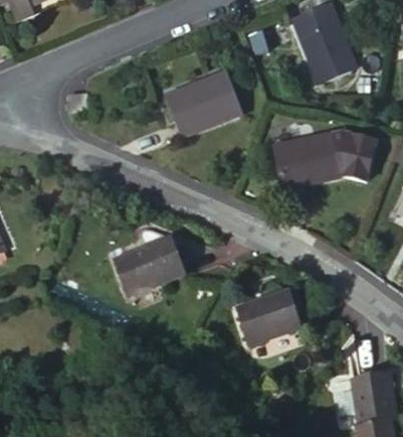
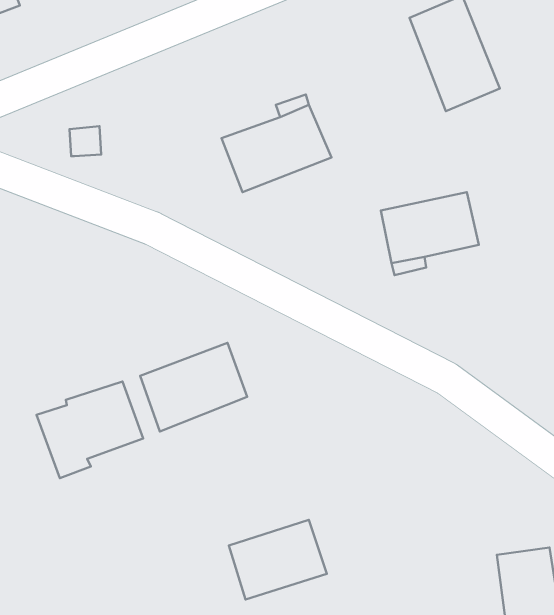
building: [333,134,376,181] -> none
building: none -> [36,381,143,478]
building: [236,291,301,344] -> [229,520,327,600]

